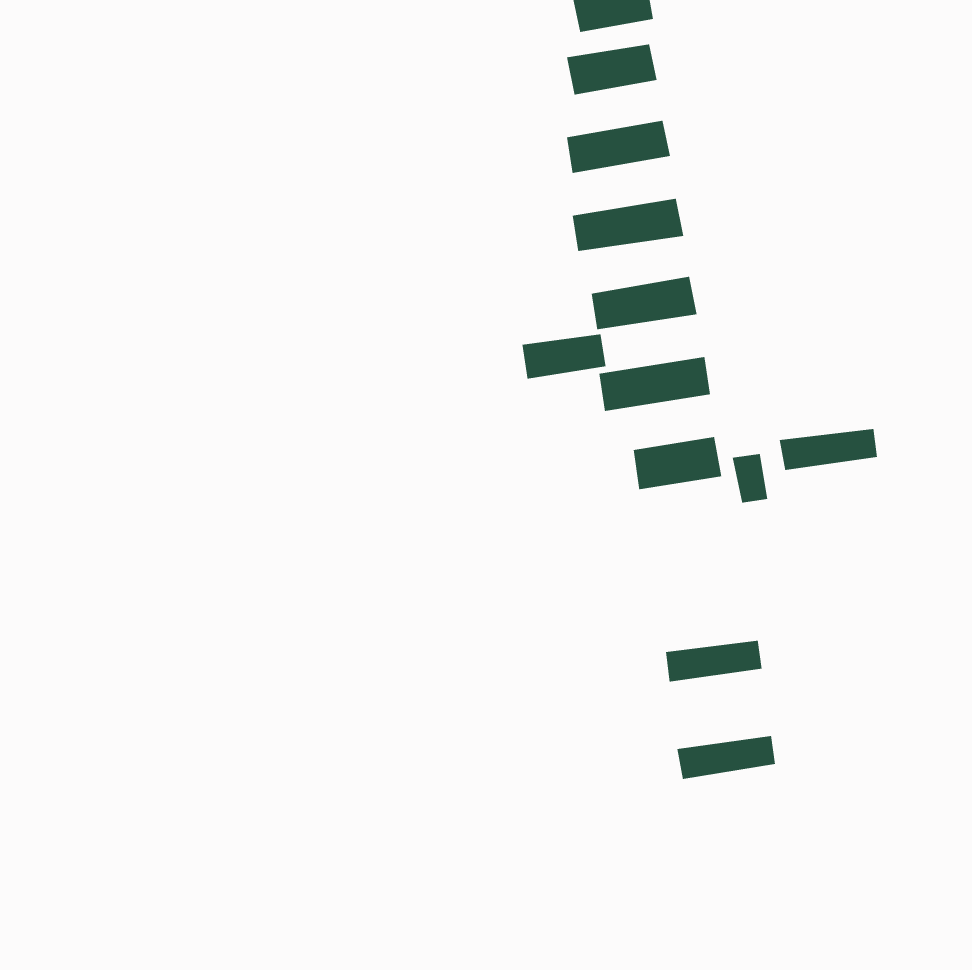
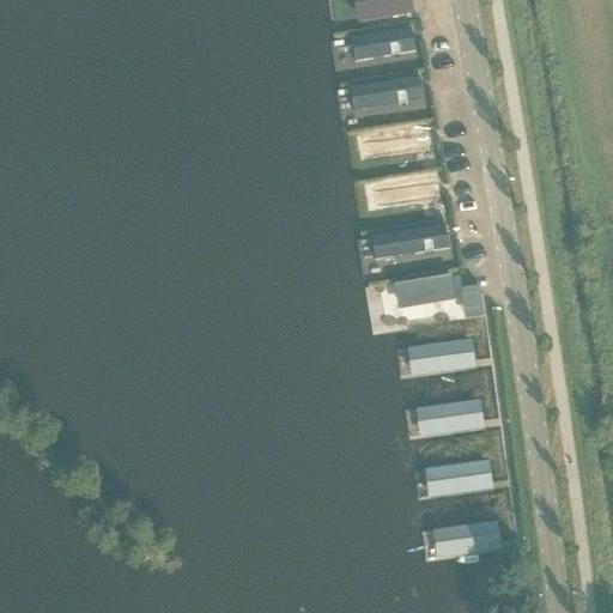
building: [522,334,606,380] -> none
building: [779,428,878,470] -> [408,341,471,368]
building: none -> [435,523,497,550]

